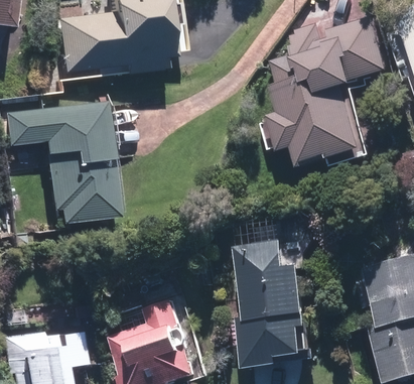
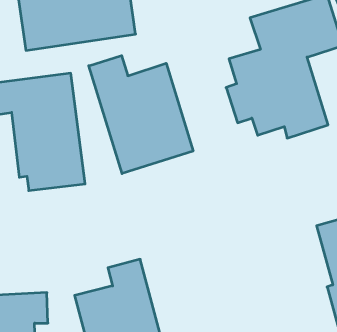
building: none -> [89,56,193,174]
building: [234,241,312,369] -> none

